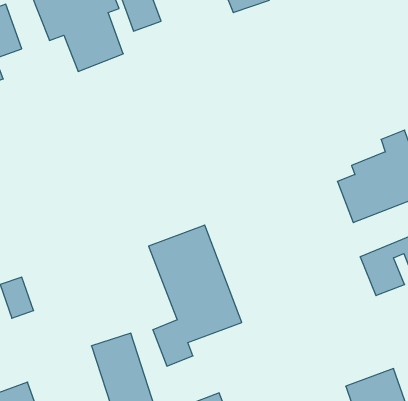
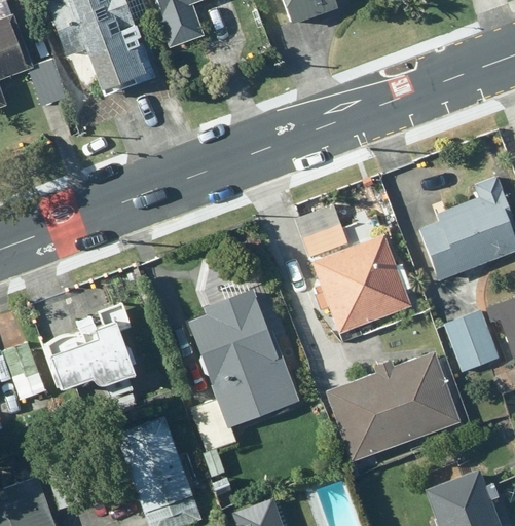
building: none -> [298,206,407,329]
building: none -> [51,327,124,388]
building: none -> [324,352,461,464]

